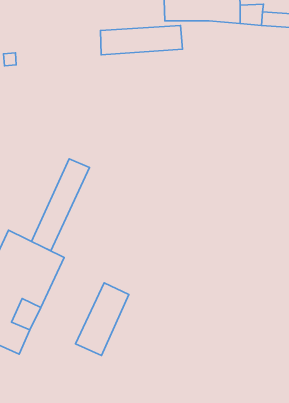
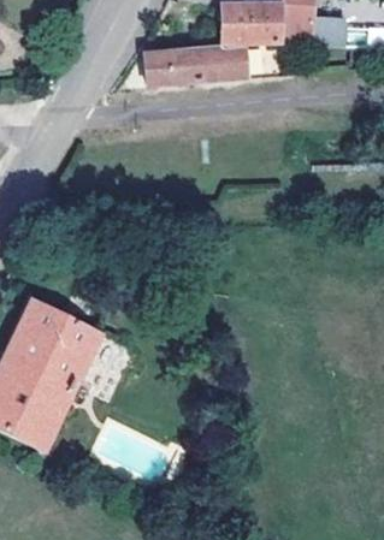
building: [32,159,90,251] -> none
building: [76,283,129,355] -> none

